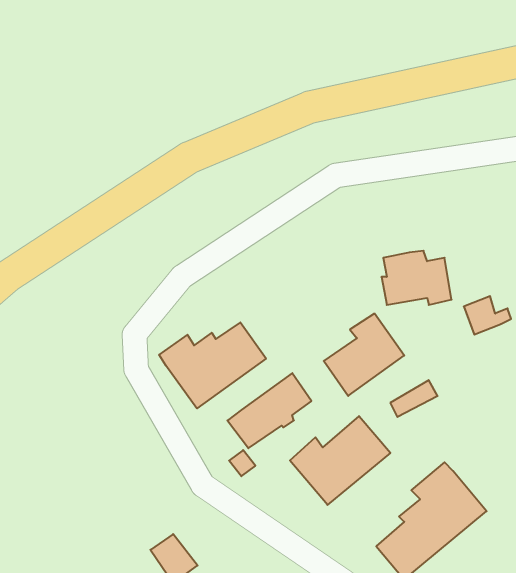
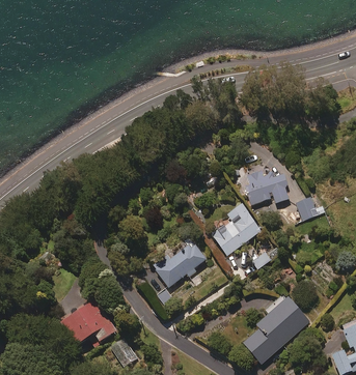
building: [159,322,266,408] -> none
building: [290,416,390,505] -> none
building: none -> [60,300,116,347]

